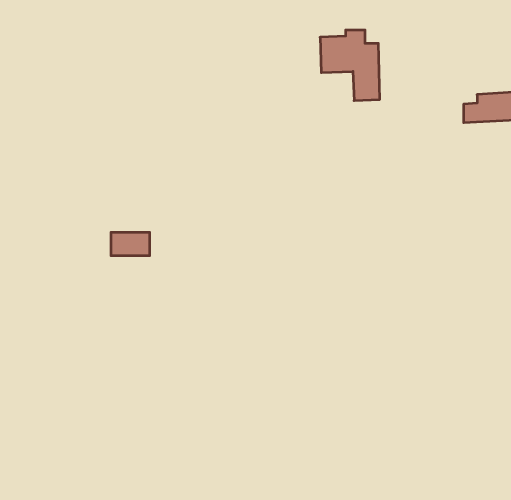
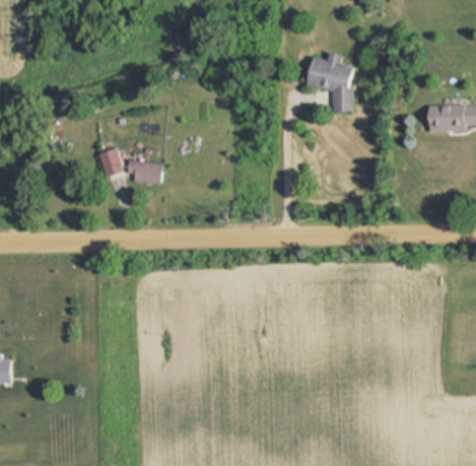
building: none -> [98,147,123,176]
building: [111,232,150,256] -> [128,161,160,181]

